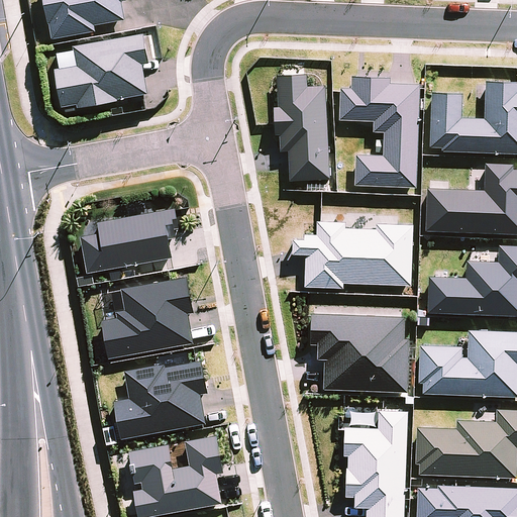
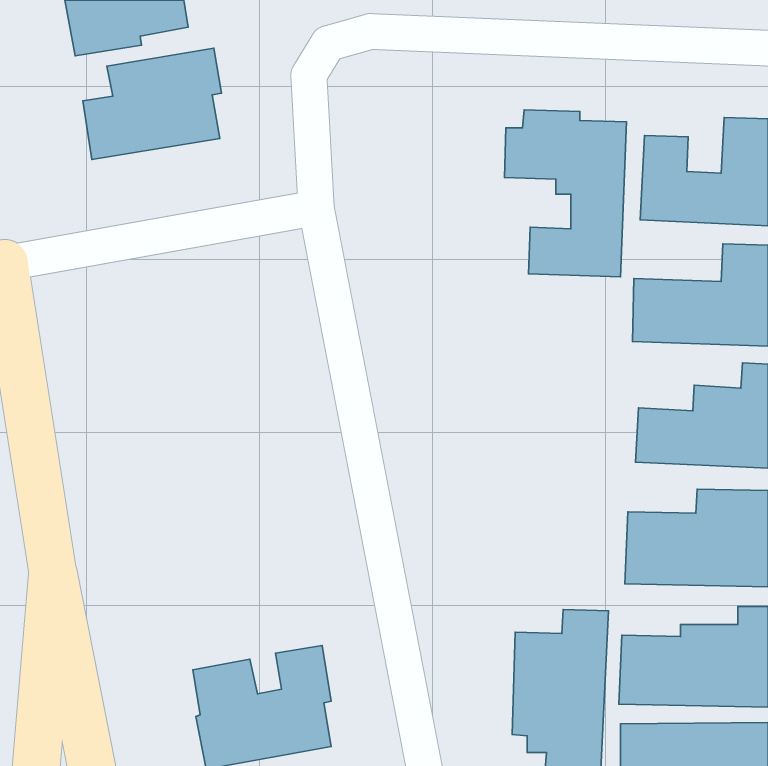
building: [275,74,329,181] -> none
building: [82,210,177,272] -> none
building: [293,223,413,287] -> none
building: [101,277,193,358] -> none
building: [310,314,409,393] -> none
building: [114,359,207,437] -> none

